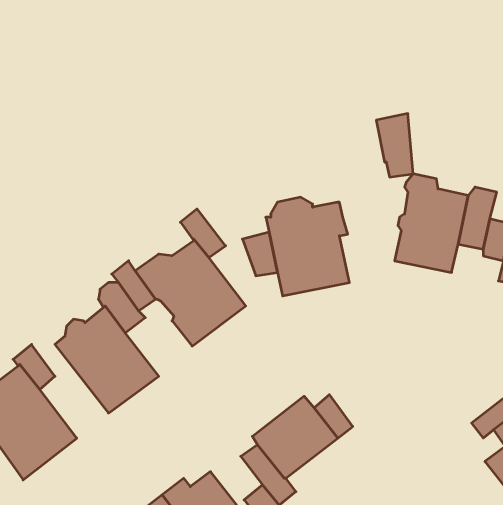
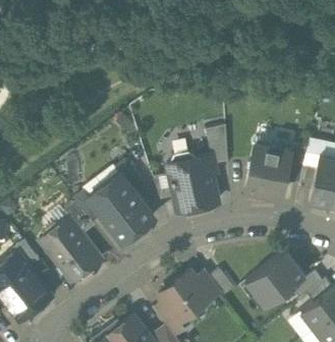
building: [376,114,413,177] -> [206,124,228,163]
building: none -> [245,250,305,306]

